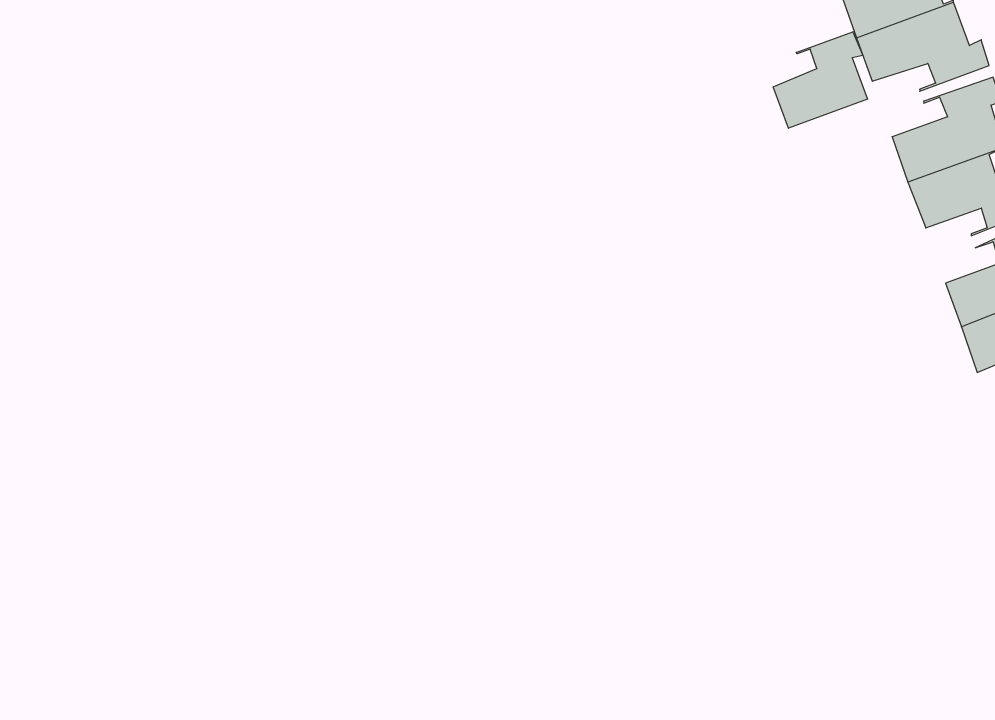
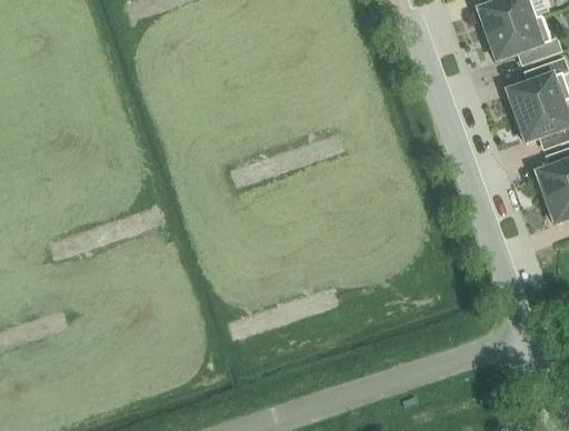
building: [773,32,868,128] -> none

